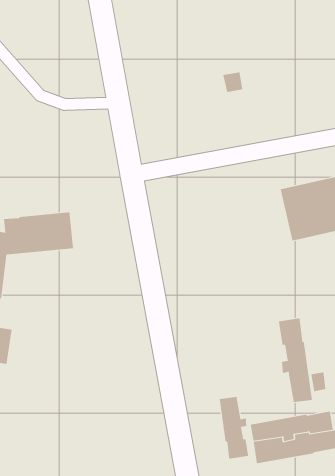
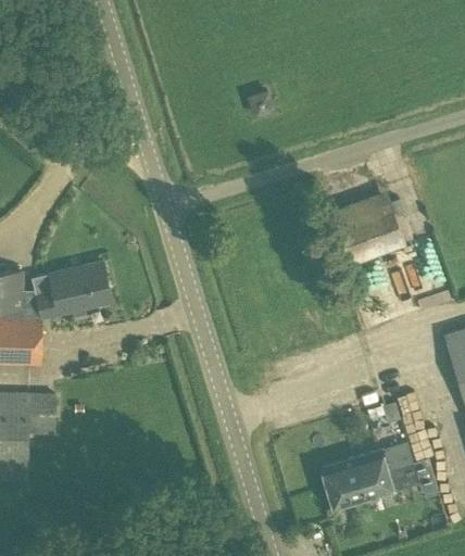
building: [278,317,312,403] -> none
building: [219,396,249,460] -> none

